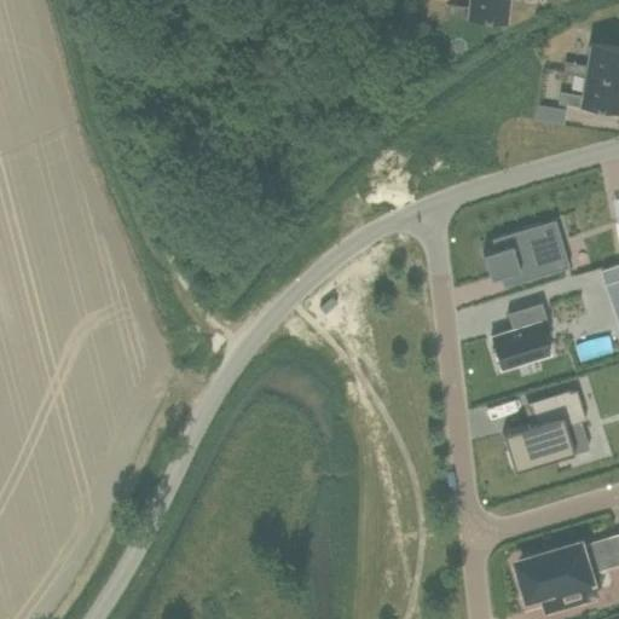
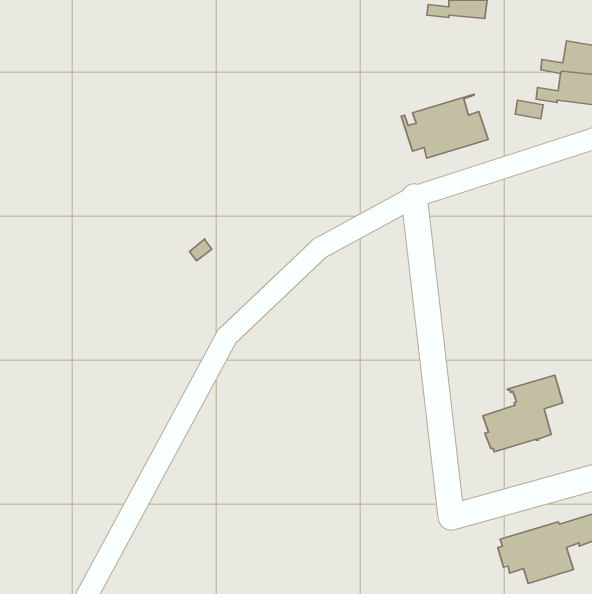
building: [481,219,572,285] -> [401,94,488,158]
building: [492,302,553,369] -> none

